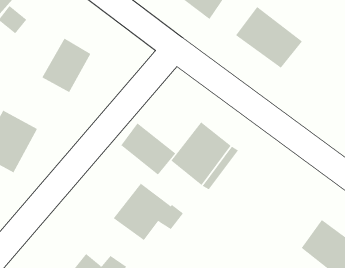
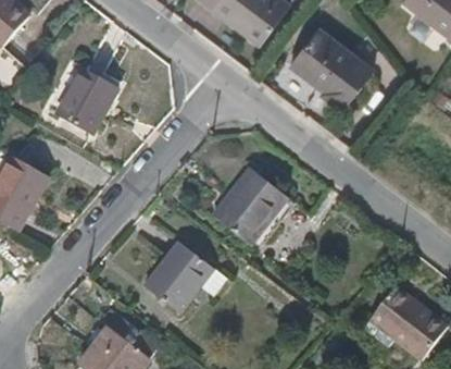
building: [121,123,176,175] -> none

